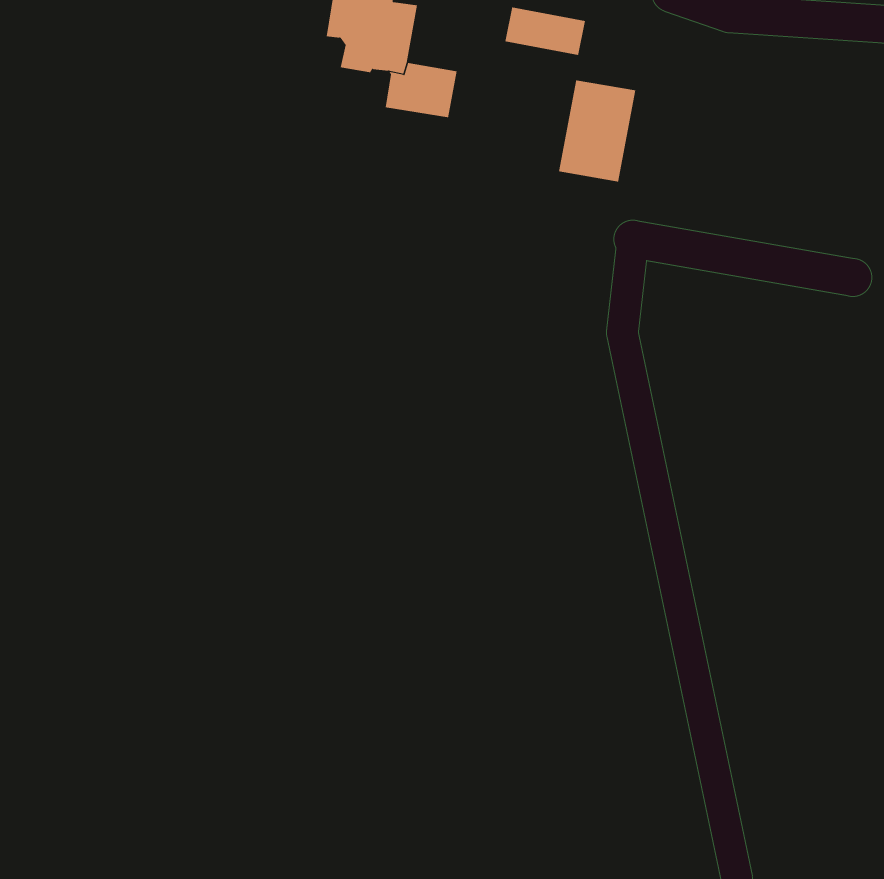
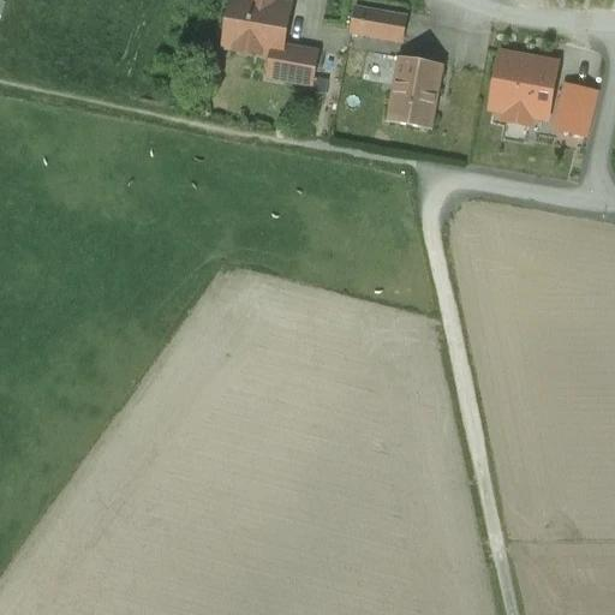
building: none -> [490,50,553,121]
building: none -> [555,83,593,132]

